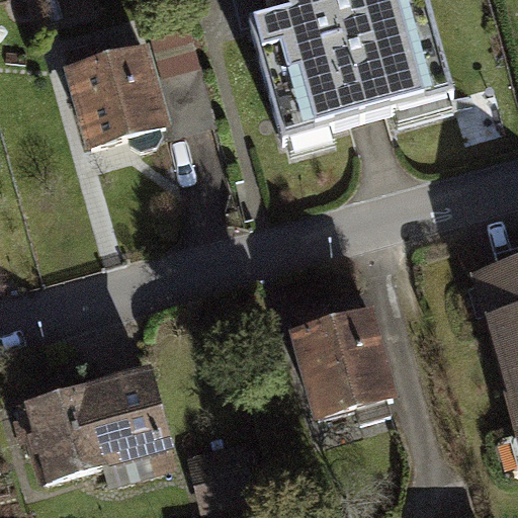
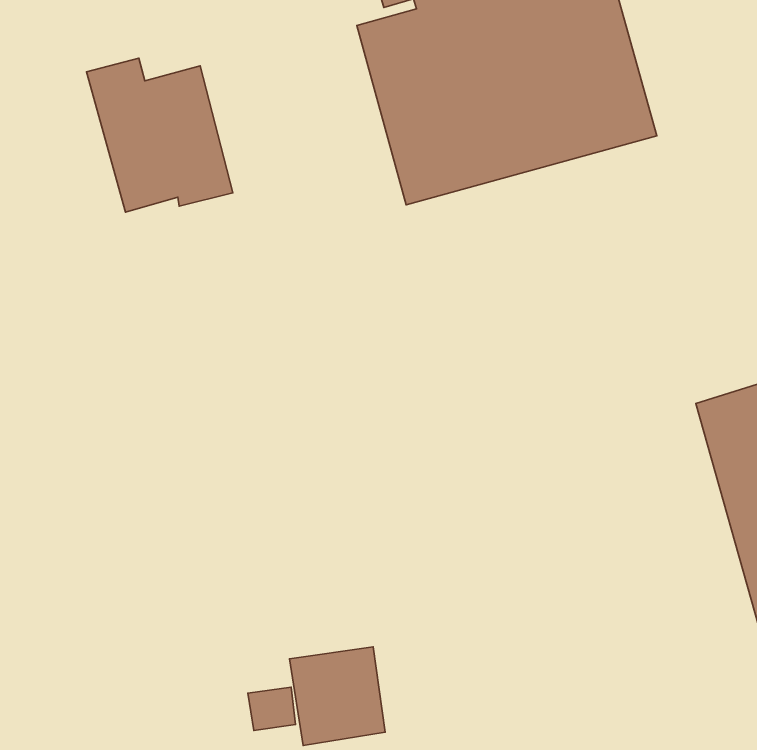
building: [290,303,388,417] -> none
building: [20,368,171,478] -> none

